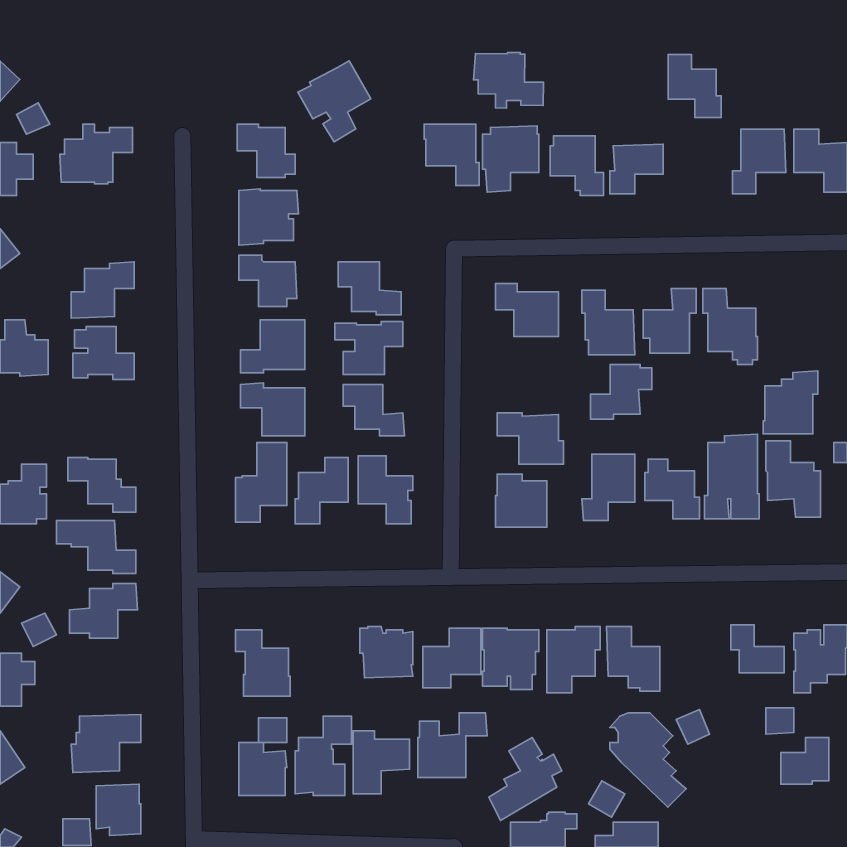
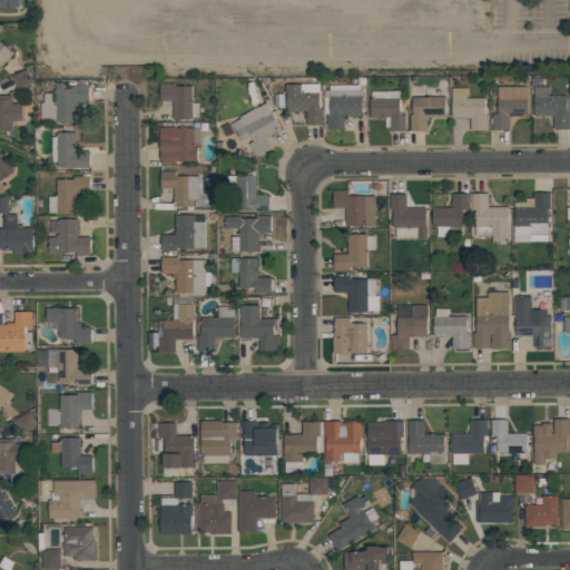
building: [474,52,543,108] -> none
building: [668,54,721,117] -> [452,88,488,130]
building: [298,61,371,142] -> [232,102,281,157]
building: none -> [51,132,90,168]
building: [590,364,652,419] -> [334,234,375,271]
building: [763,371,818,434] -> [513,193,550,235]
building: none -> [451,420,487,464]
building: none -> [200,421,236,463]
building: none -> [51,438,92,473]
building: none -> [475,492,513,522]

